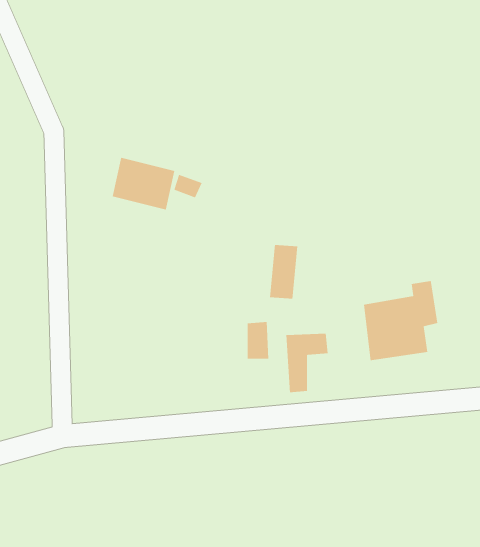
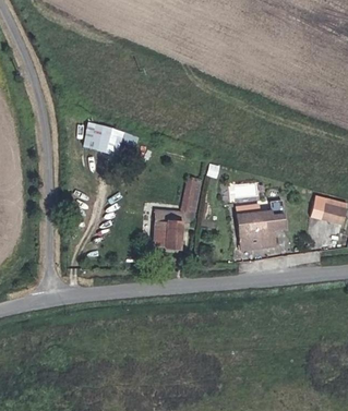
building: [286,333,328,393] -> [152,213,179,251]

